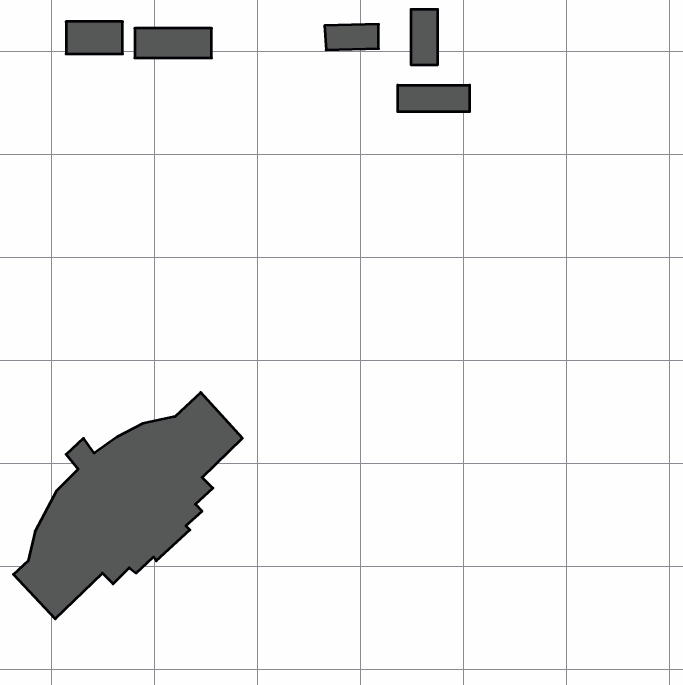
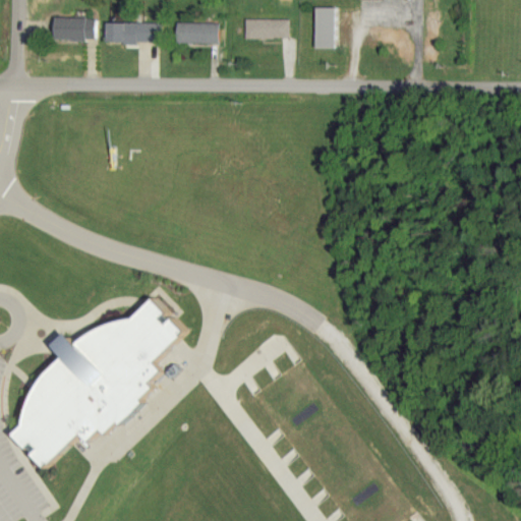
building: none -> [172,21,215,44]
building: [398,85,470,112] -> none

